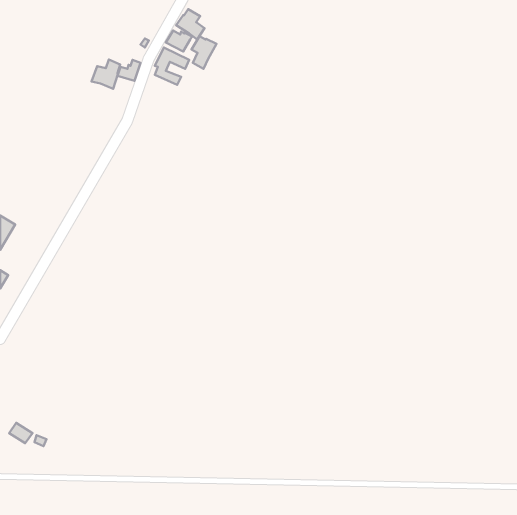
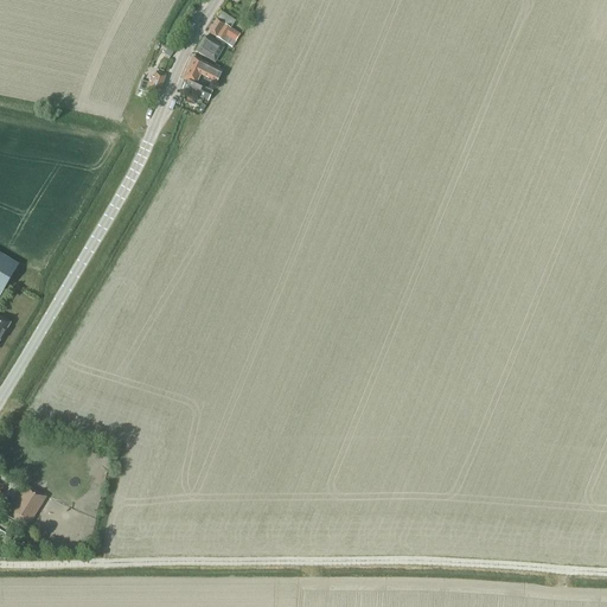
building: [191,36,217,69] -> none
building: [92,60,120,89] -> none

